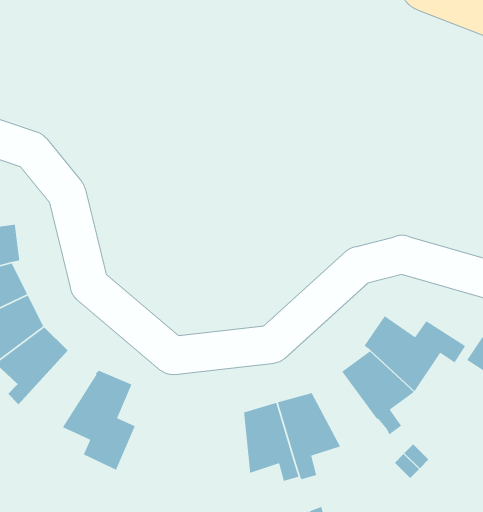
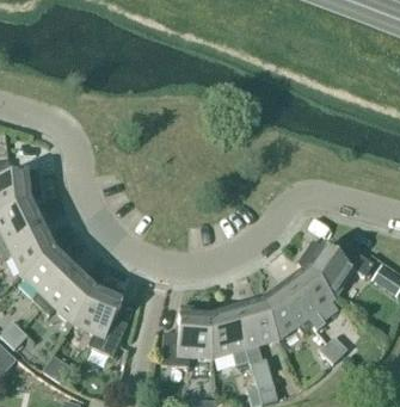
building: none -> [39,267,97,325]
building: none -> [258,283,313,339]
building: none -> [161,306,211,366]

